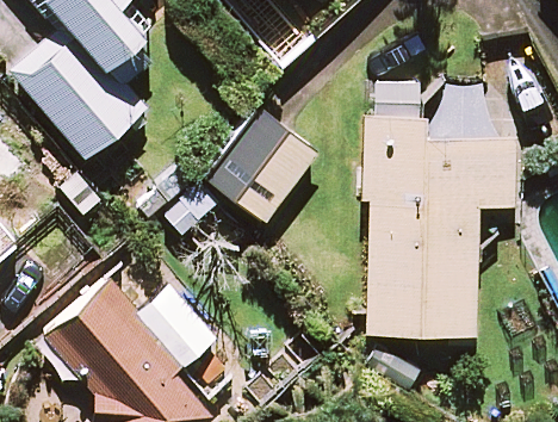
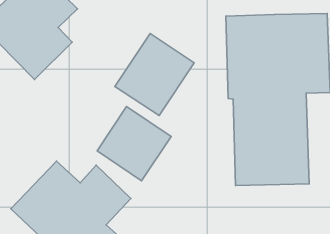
building: none -> [97,107,171,181]

